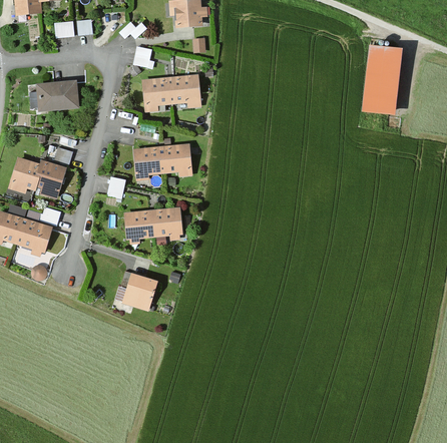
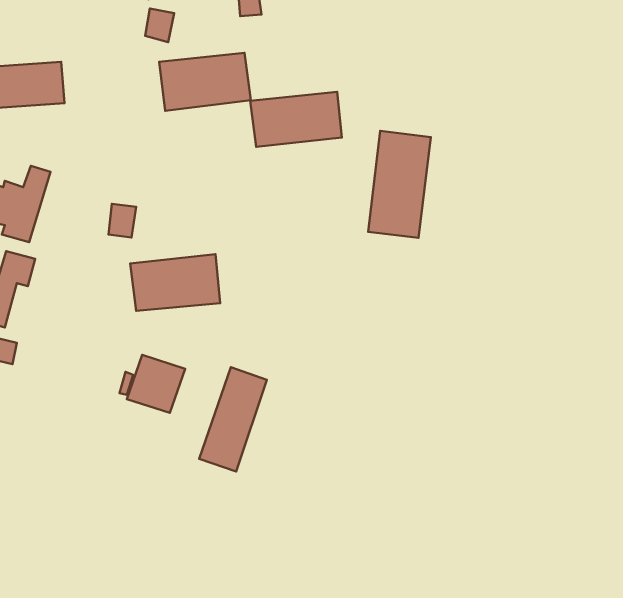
building: [361,44,402,114] -> [368,131,431,238]
building: [132,143,192,179] -> [250,92,342,147]
building: none -> [199,367,267,472]

